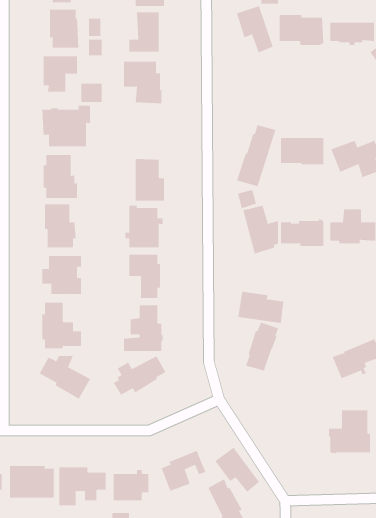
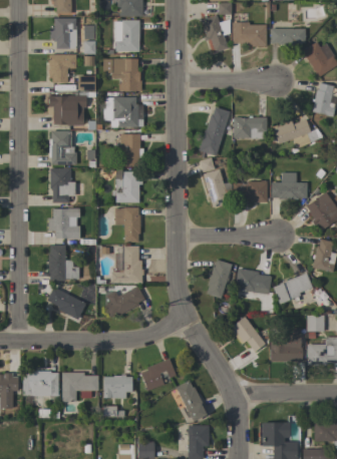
building: none -> [103,96,143,126]
building: [238,291,284,324] -> [235,269,271,294]
building: [214,447,260,492] -> [230,317,265,352]

